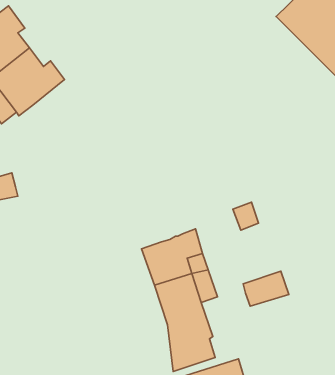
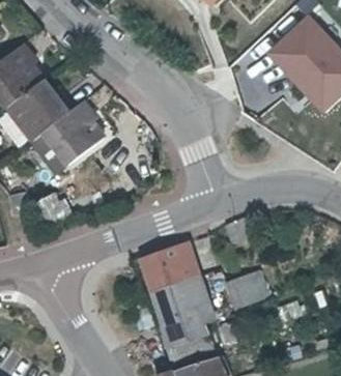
building: none -> [46,100,107,166]

